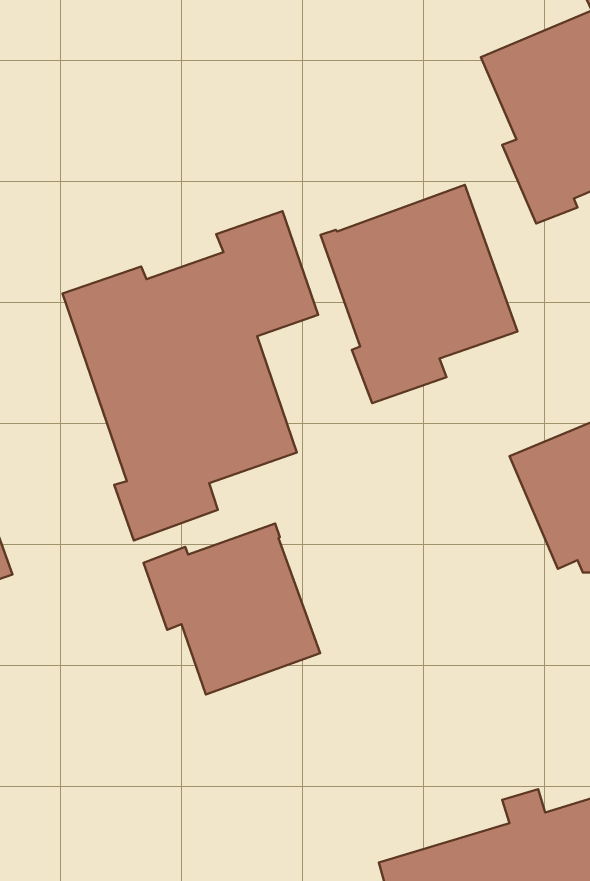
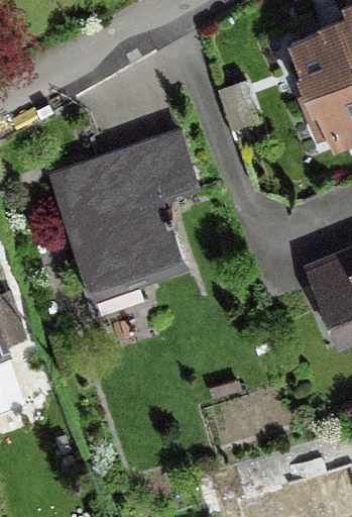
building: [320,185,517,403] -> none
building: [144,523,320,694] -> none

